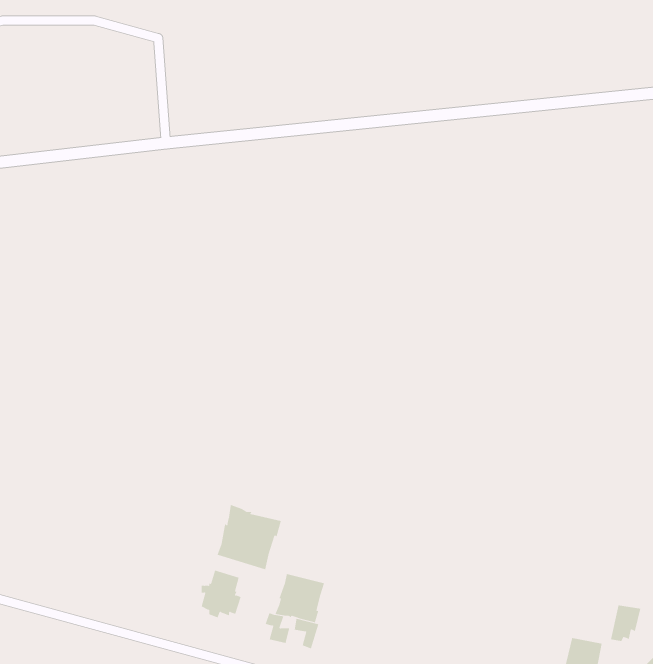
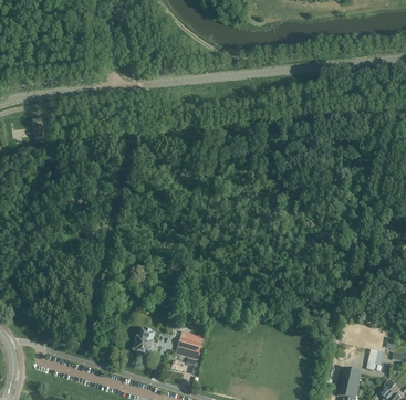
building: [217,504,282,570] -> none

